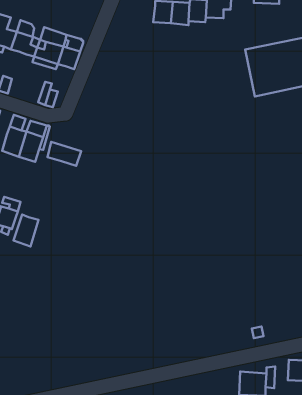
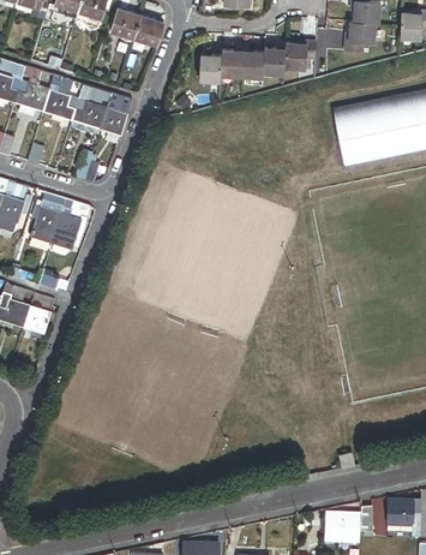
building: none -> [197,55,221,84]
building: [47,142,81,166] -> none
building: [13,215,39,246] -> none

